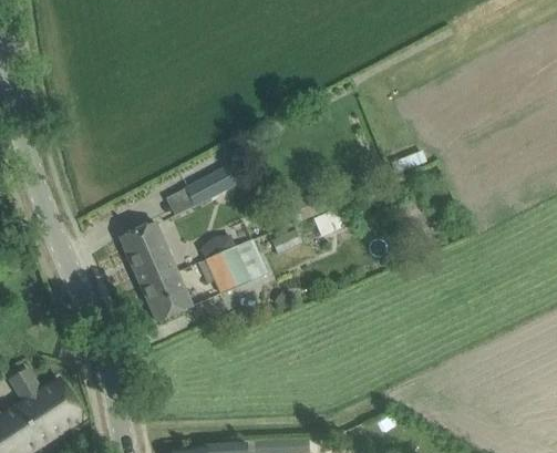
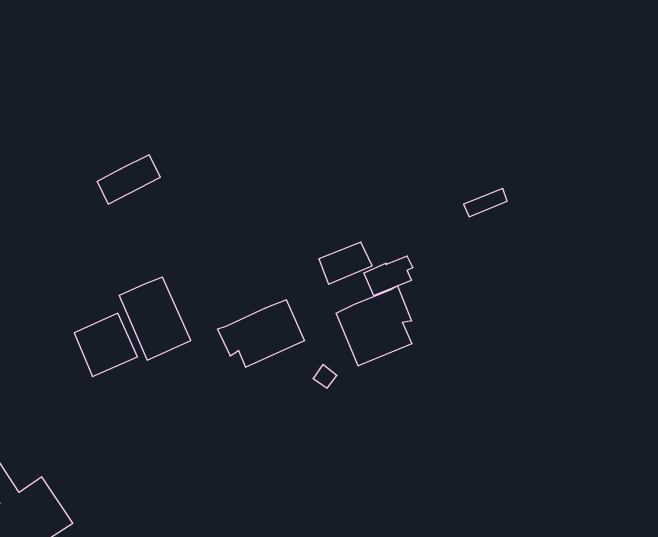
building: [185,167,235,206] -> [97,155,160,204]
building: none -> [336,286,412,366]
building: [142,272,192,322] -> [74,313,137,377]

